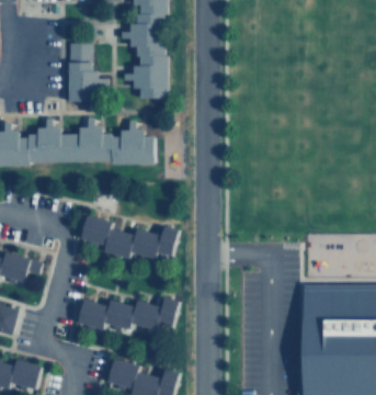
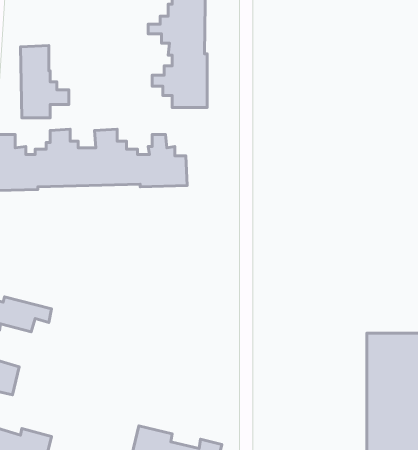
building: [70,42,110,101] -> [21,45,69,118]
building: [82,215,178,258] -> none
building: [76,298,175,334] -> none

